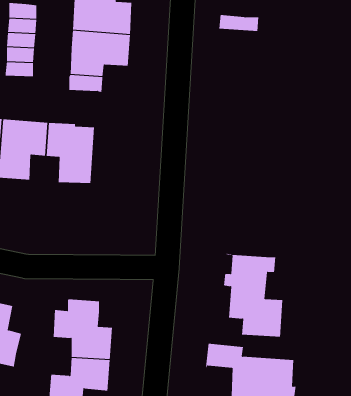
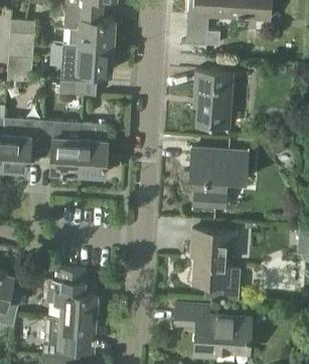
building: none -> [194,70,233,127]
building: none -> [80,124,108,174]
building: none -> [184,149,249,209]

